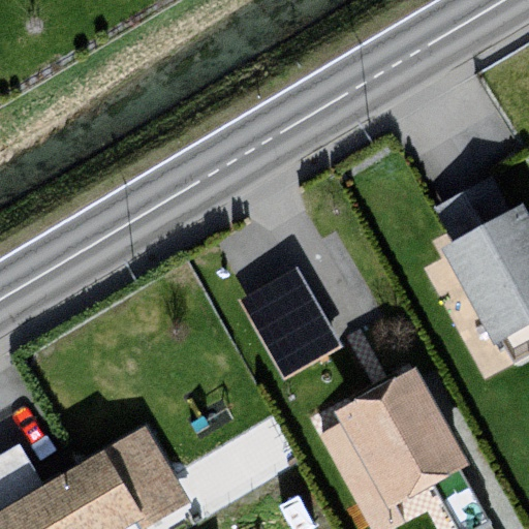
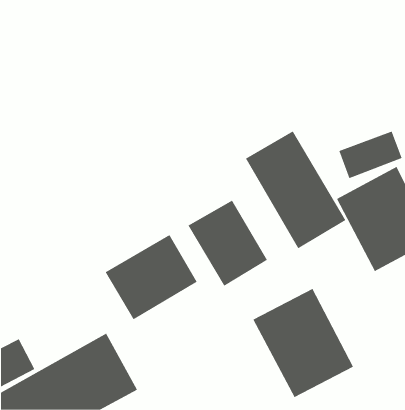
building: none -> [245,130,346,249]
building: none -> [105,234,198,320]

